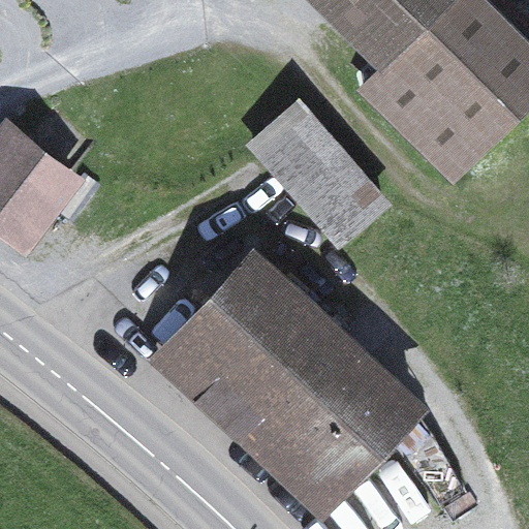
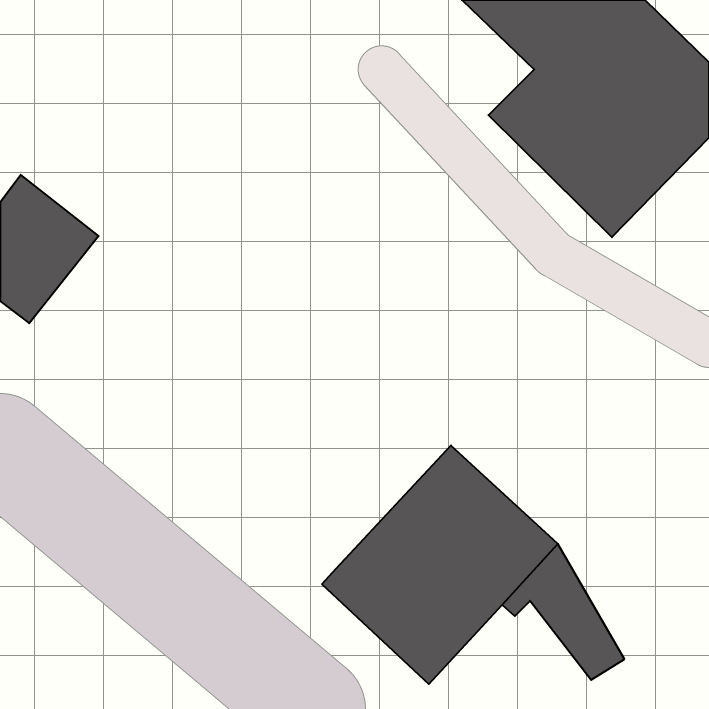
building: [255,110,383,244] -> none
building: [169,258,336,424] -> none

